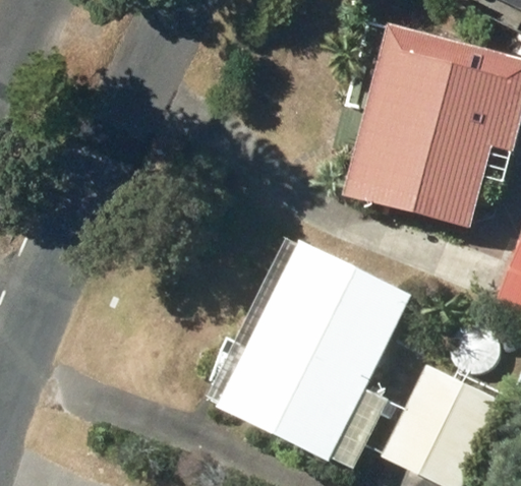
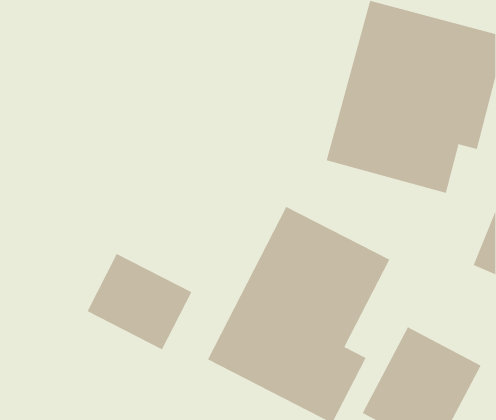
building: none -> [87,253,192,350]

